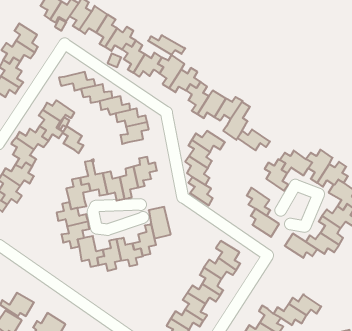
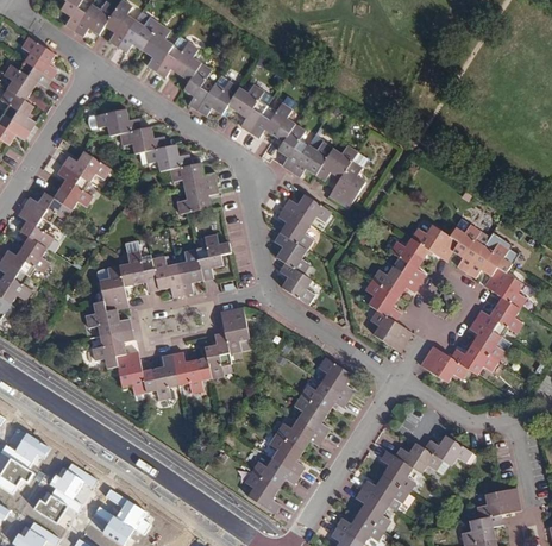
building: [148,35,185,55] -> none
building: [63,126,83,153] -> none
building: [238,129,270,150] -> [370,264,418,295]

